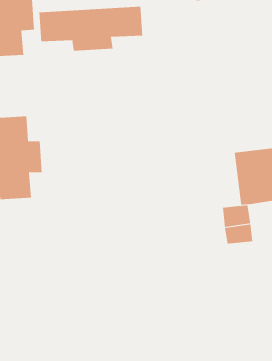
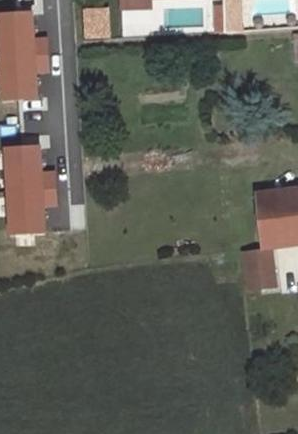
building: [39,6,143,51] -> none

